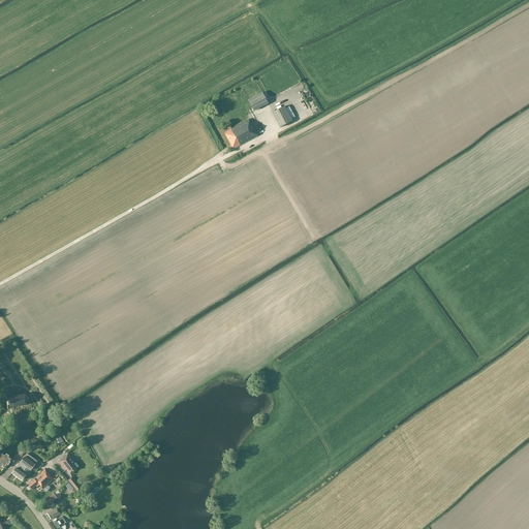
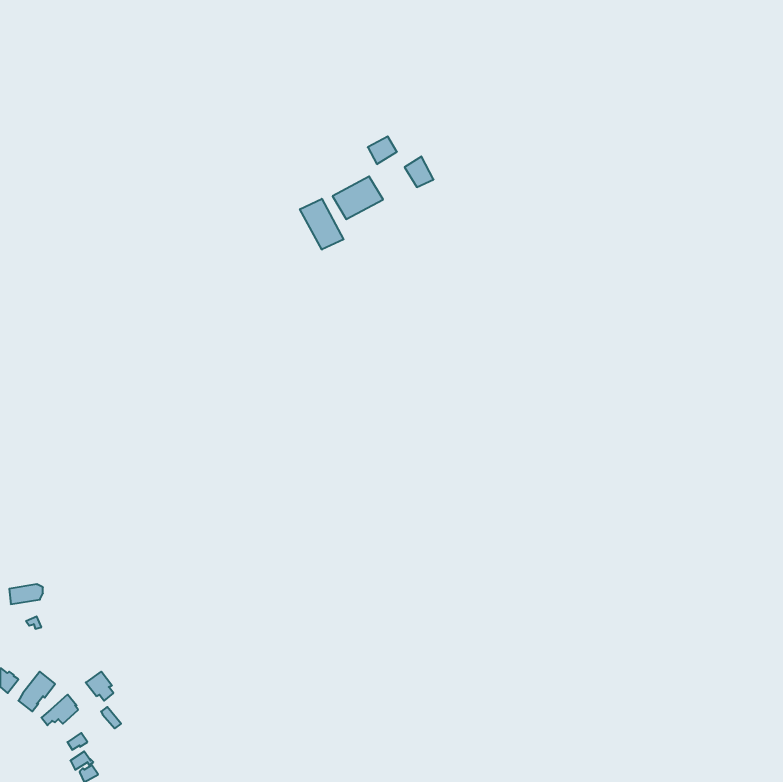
building: none -> [300,199,344,250]

